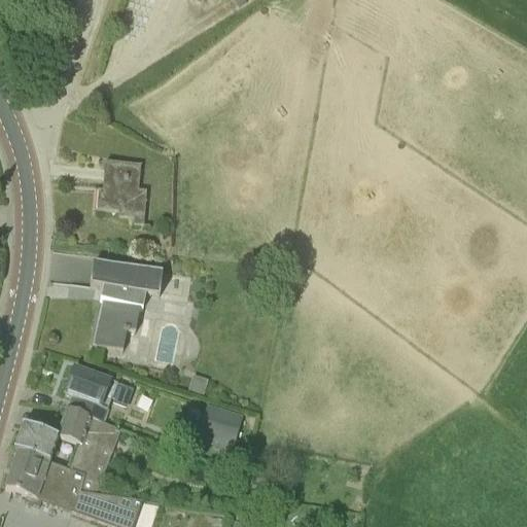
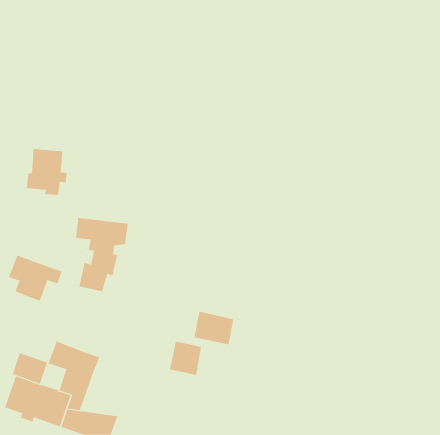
building: [97,159,146,214] -> [26,149,67,195]
building: [65,364,130,420] -> [8,255,62,301]
building: none -> [194,311,234,345]

